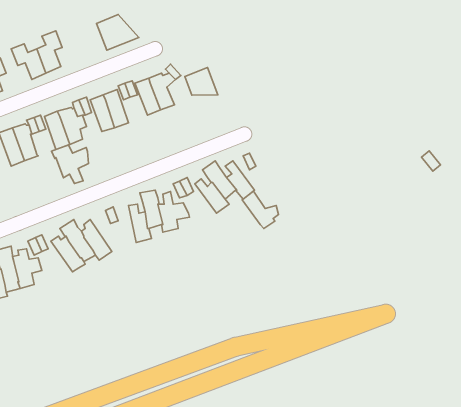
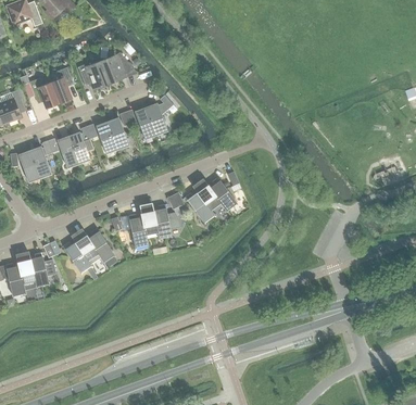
building: none -> [77,61,110,90]
building: [185,68,218,95] -> none
building: [51,145,89,183] -> none
building: [242,191,278,229] -> none

